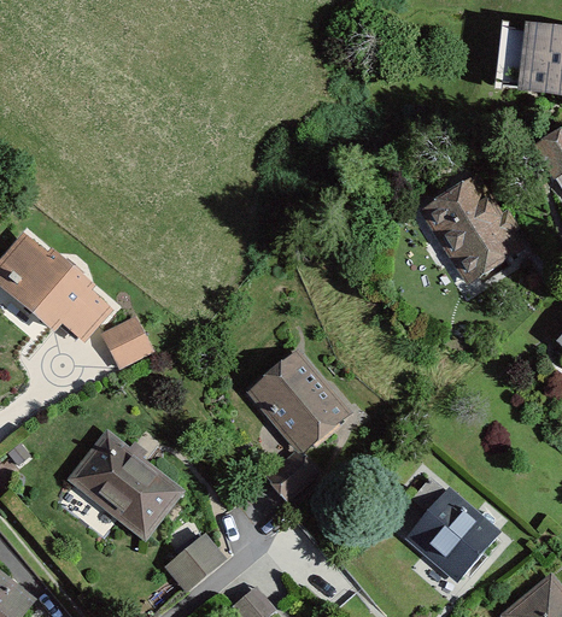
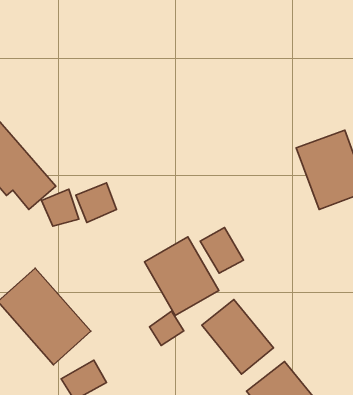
building: none -> [76,183,117,222]
building: none -> [200,227,243,273]
building: none -> [202,299,274,374]

